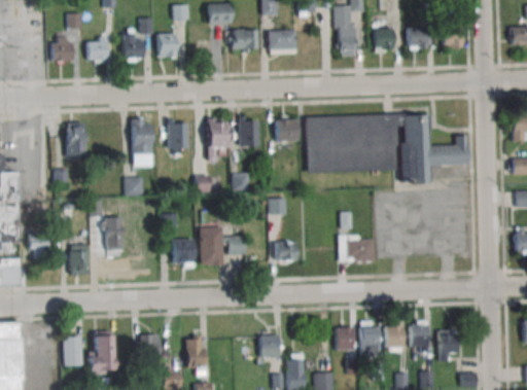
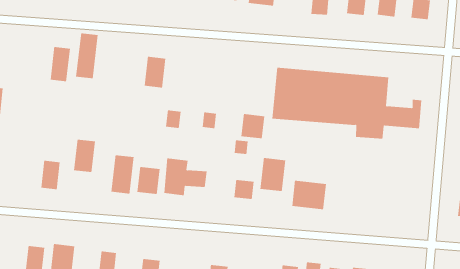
building: [237,117,256,146] -> none
building: [275,117,298,142] -> [241,114,265,139]
building: [132,118,151,166] -> [75,33,98,79]
building: [206,118,226,159] -> none
building: [124,176,143,196] -> none
building: none -> [260,157,286,192]
building: none -> [111,154,134,195]
building: [29,233,47,259] -> none

